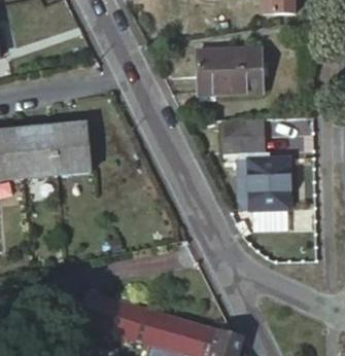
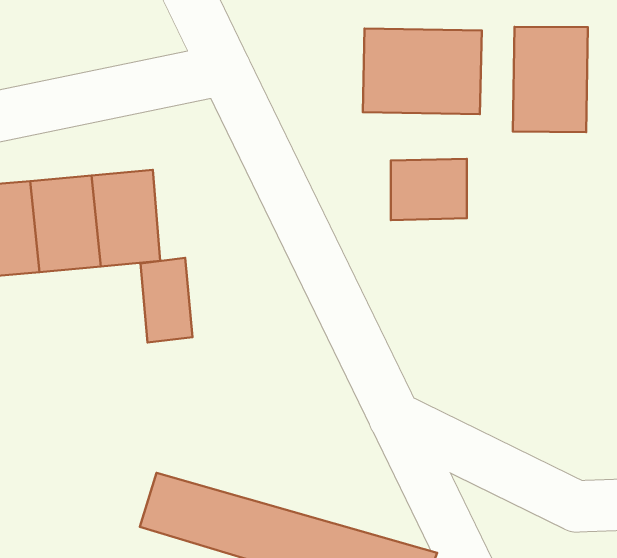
building: none -> [513,27,588,132]
building: [238,156,290,208] -> none
building: none -> [140,258,192,343]

